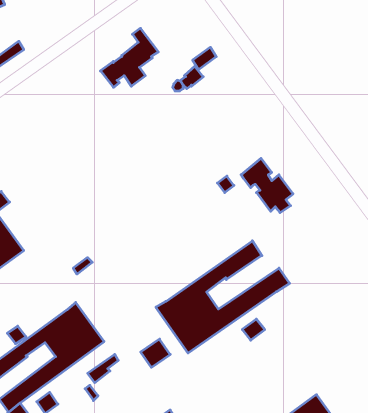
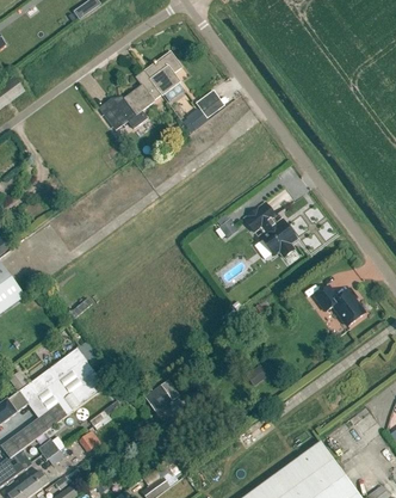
building: none -> [143,50,184,100]
building: [156,241,290,353] -> none
building: none -> [315,285,365,326]

